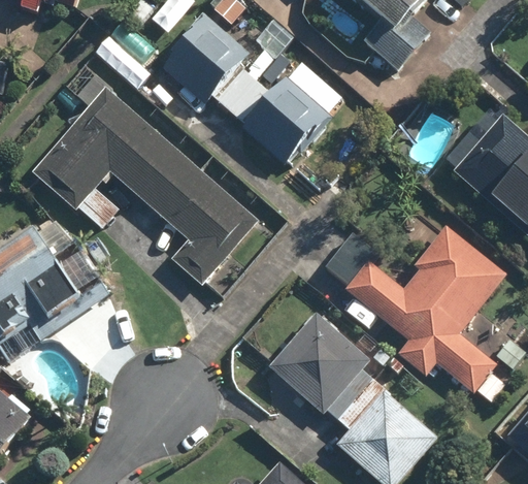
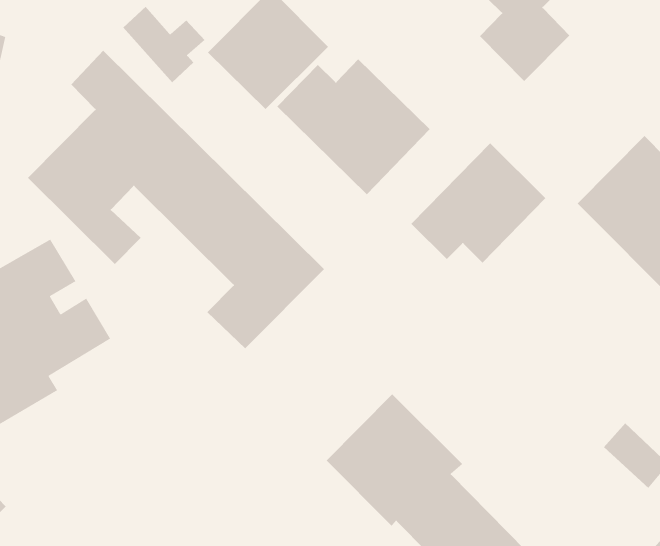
building: none -> [410,142,546,263]
building: [324,223,509,400] -> none

